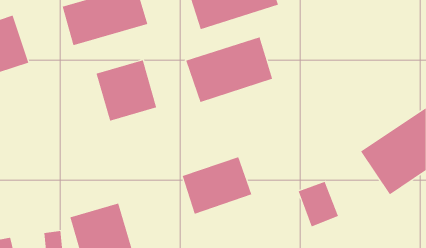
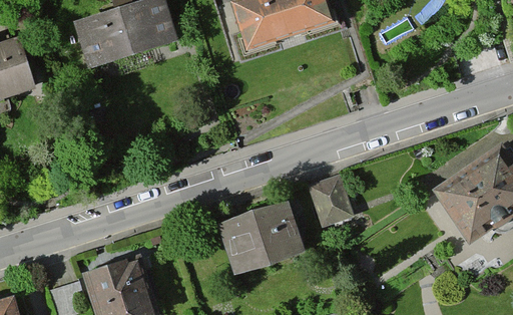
building: [186,36,273,103] -> none
building: [96,59,157,121] -> none
building: [298,181,339,227] -> [307,176,356,231]

